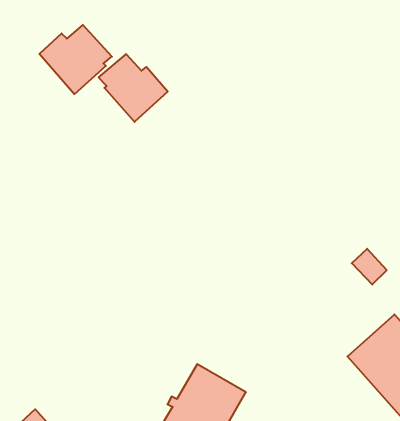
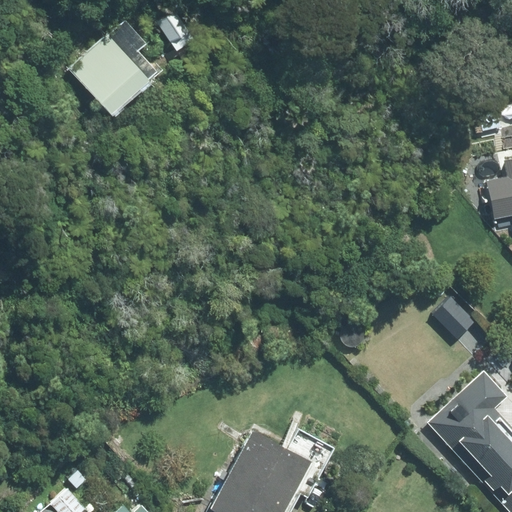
building: [99,54,168,122] -> none

